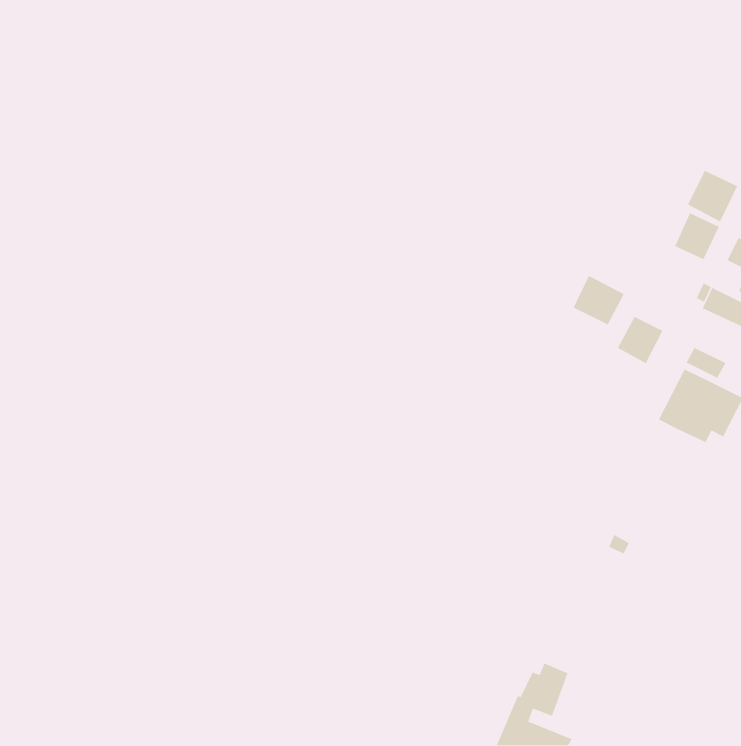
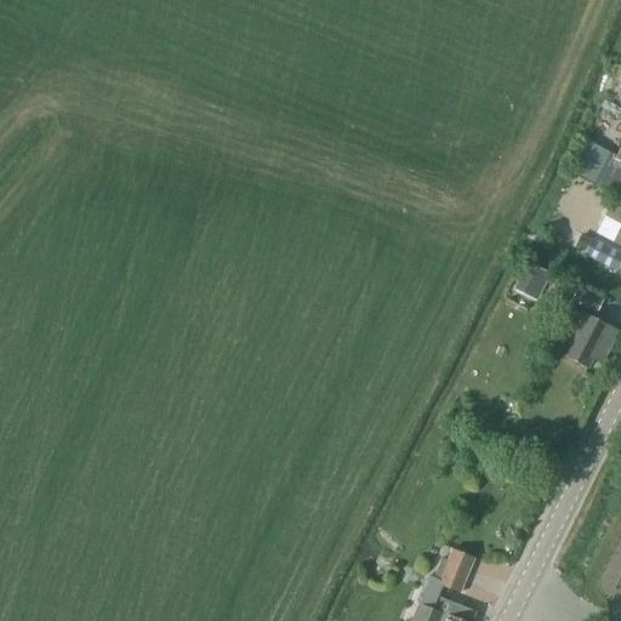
building: [674,212,720,260] -> none
building: [573,275,625,326] -> none

